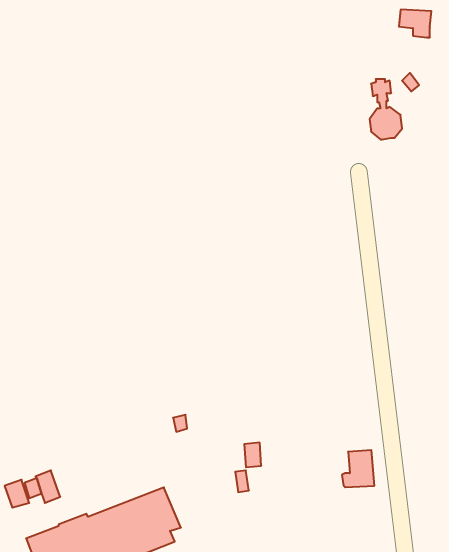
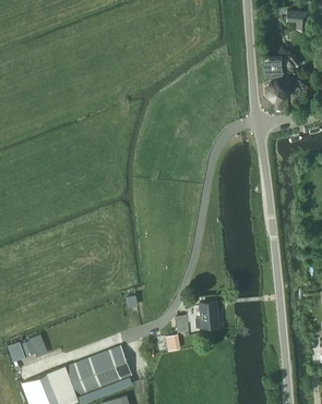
building: [342,450,374,487] -> [194,301,217,327]

